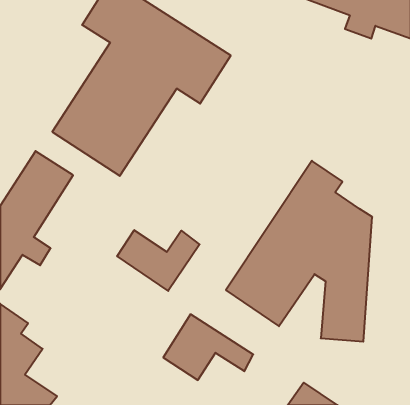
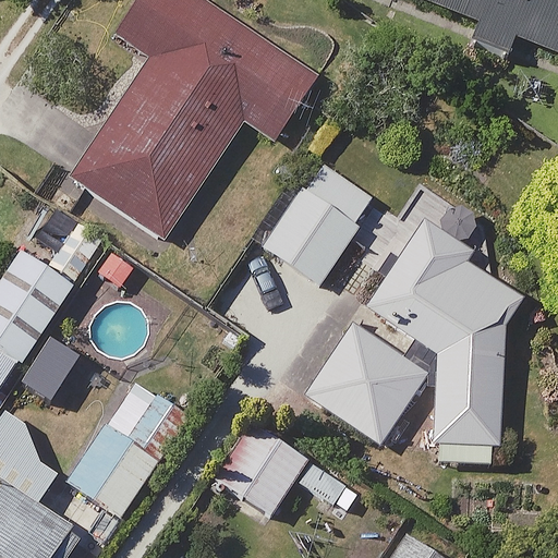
building: none -> [263,163,374,282]
building: [117,230,200,291] -> none
building: none -> [66,378,189,514]

